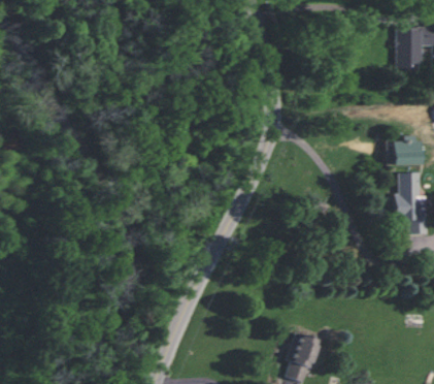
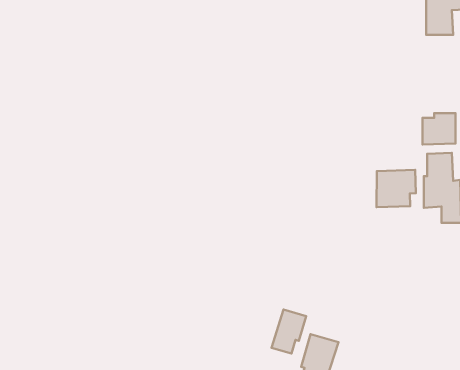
building: none -> [376,170,416,207]
building: none -> [271,310,306,354]

